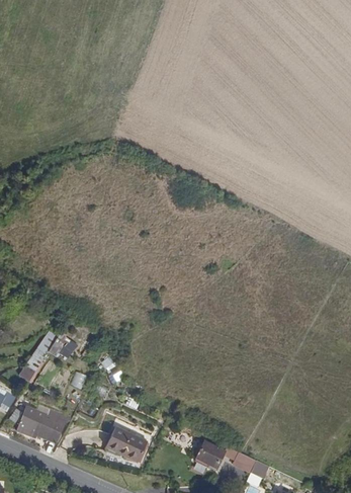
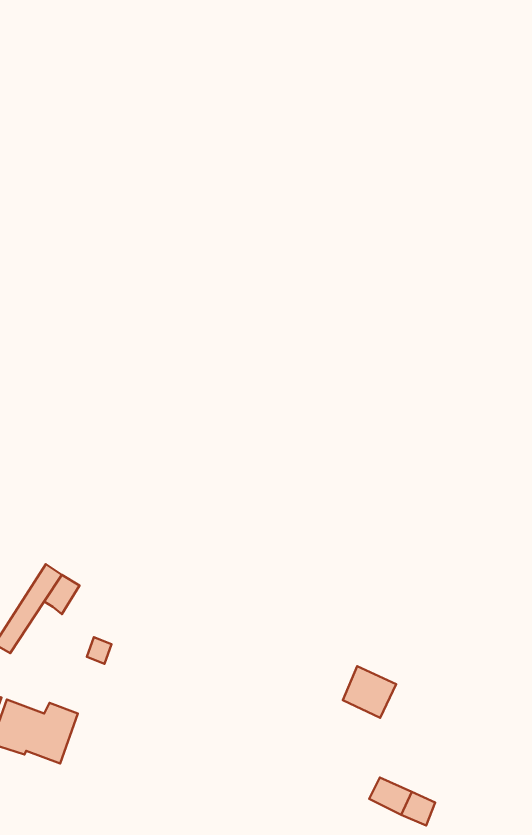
building: [106,427,147,463] -> none
building: [196,440,227,470] -> [343,666,396,718]

